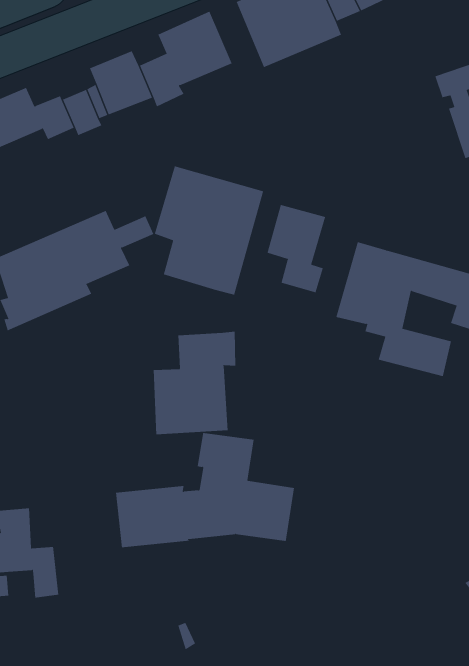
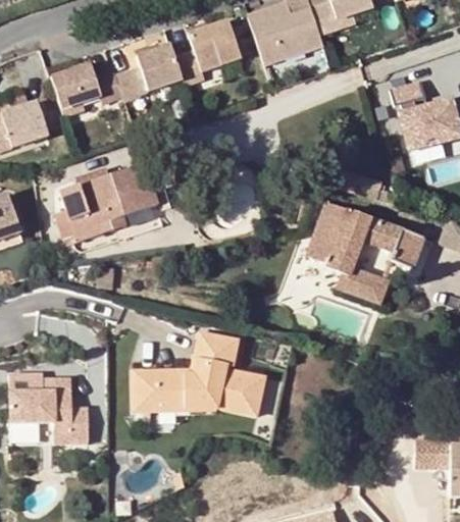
building: [154,166,264,295] -> none
building: [267,204,326,293] -> none
building: [153,331,236,435] -> none

